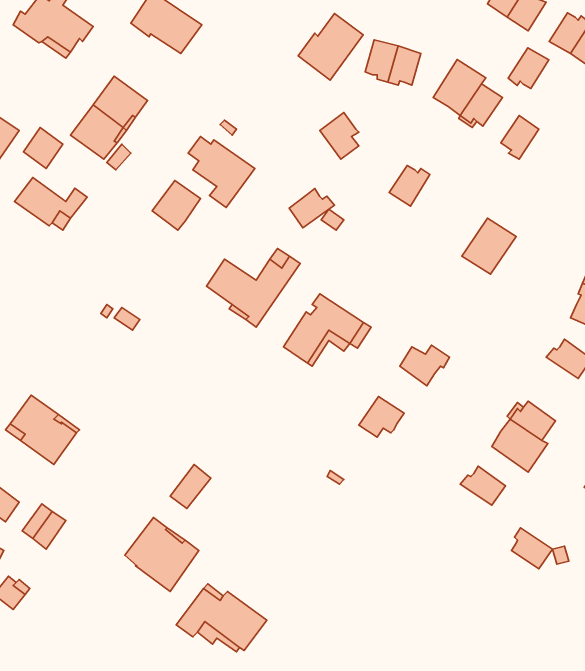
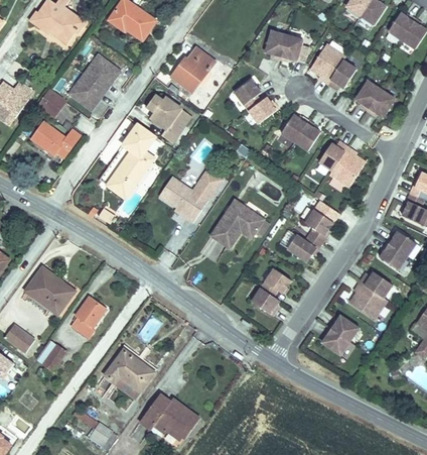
building: [298,14,363,80] -> [171,47,215,92]
building: [508,48,549,89] -> [368,90,395,117]
building: none -> [295,120,320,150]
building: [289,188,335,228] -> [249,97,279,123]
building: none -> [319,143,346,170]
building: none -> [107,150,153,198]
building: none -> [305,209,333,242]
building: none -> [380,242,407,269]
building: none -> [252,288,279,315]
building: none -> [72,297,106,337]
building: [512,528,552,569] -> [322,327,349,354]
building: none -> [73,408,112,446]

